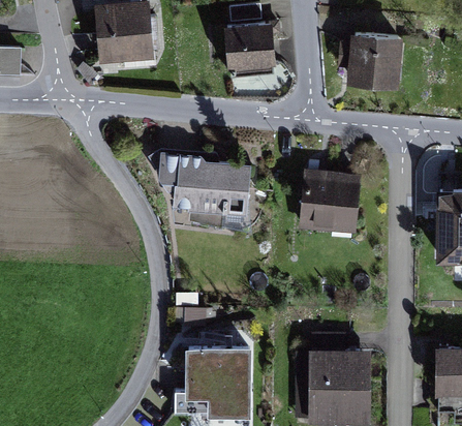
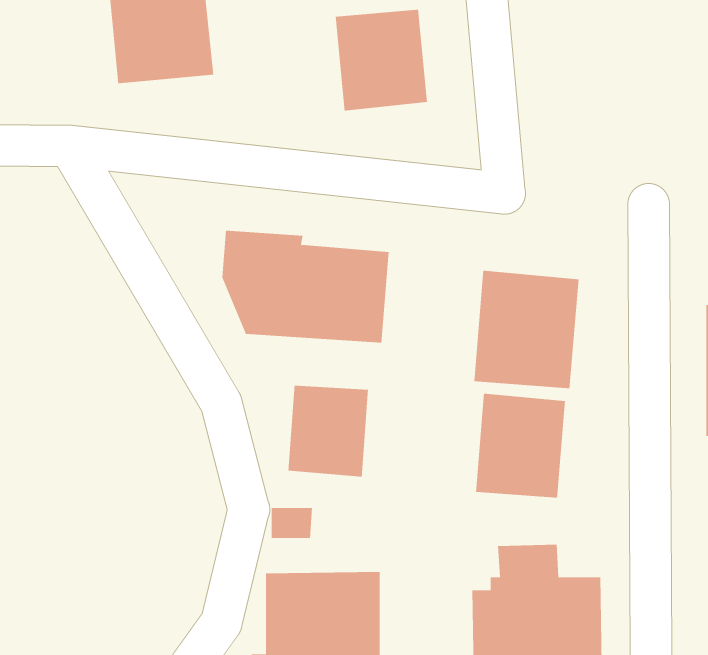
building: [343,35,401,92] -> none
building: none -> [288,385,368,477]
building: none -> [475,393,566,499]

